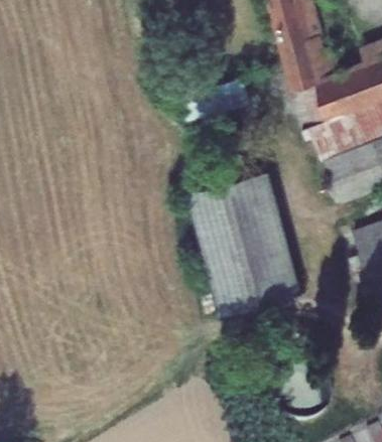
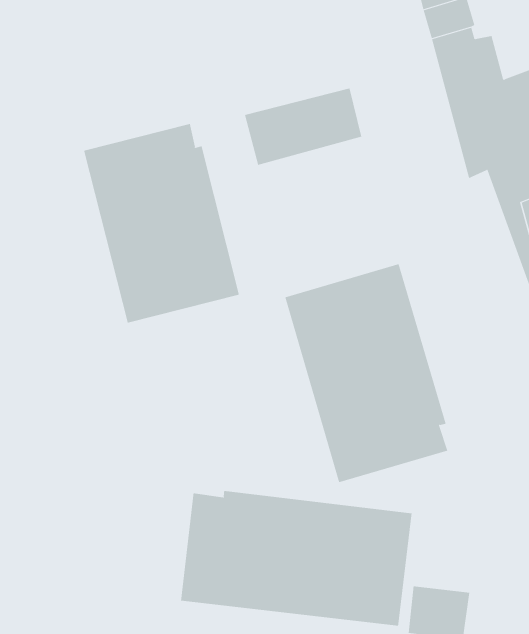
building: none -> [83,123,239,323]
building: none -> [180,490,412,627]

